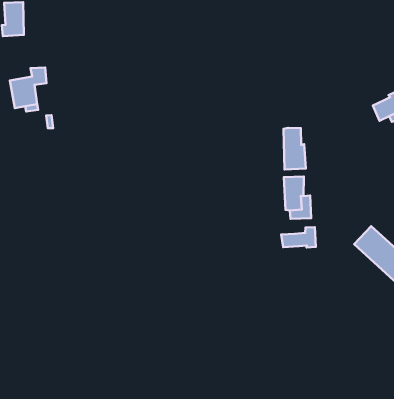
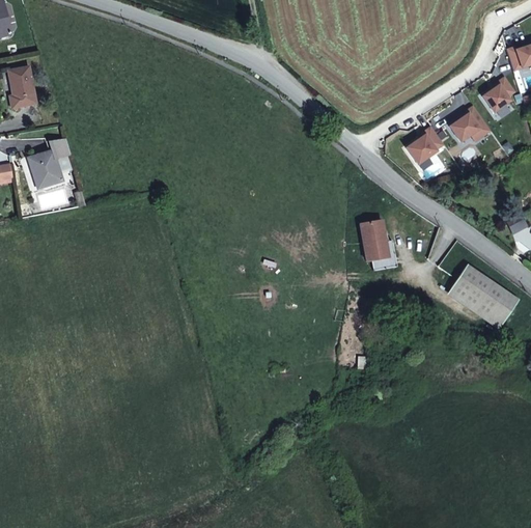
building: none -> [406,126,443,164]
building: [283,128,306,169] -> none
building: [281,227,316,247] -> none

